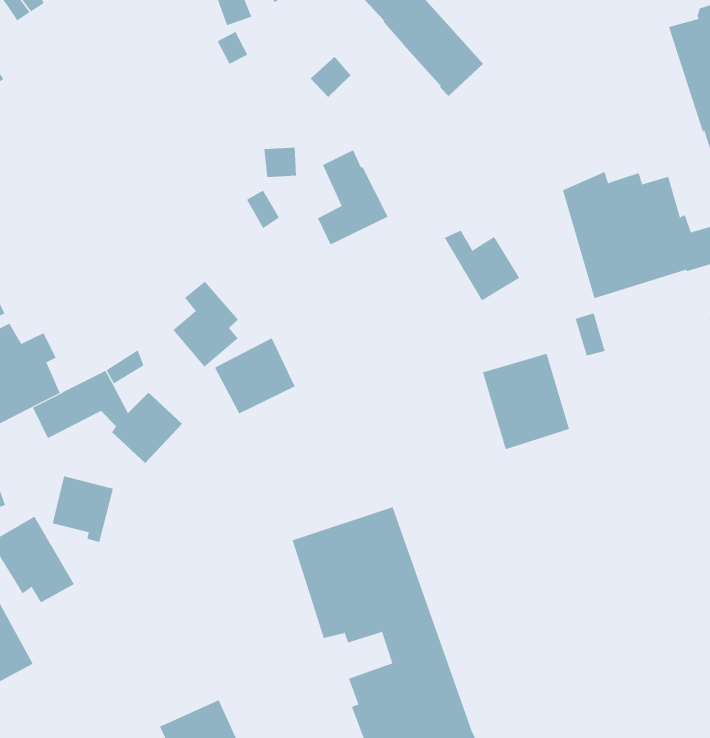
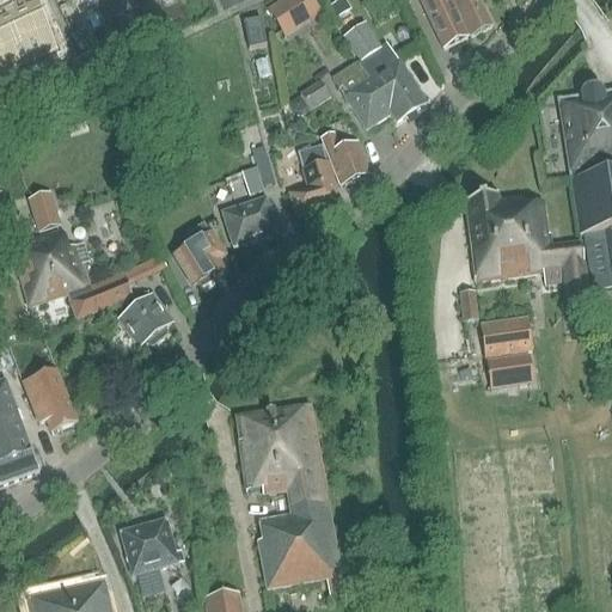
building: none -> [332,60,391,128]
building: [444,230,520,301] -> [320,131,369,184]
building: [214,338,295,414] -> [221,196,276,246]
building: [482,353,570,450] -> [479,316,534,379]
building: [52,476,113,543] -> none

